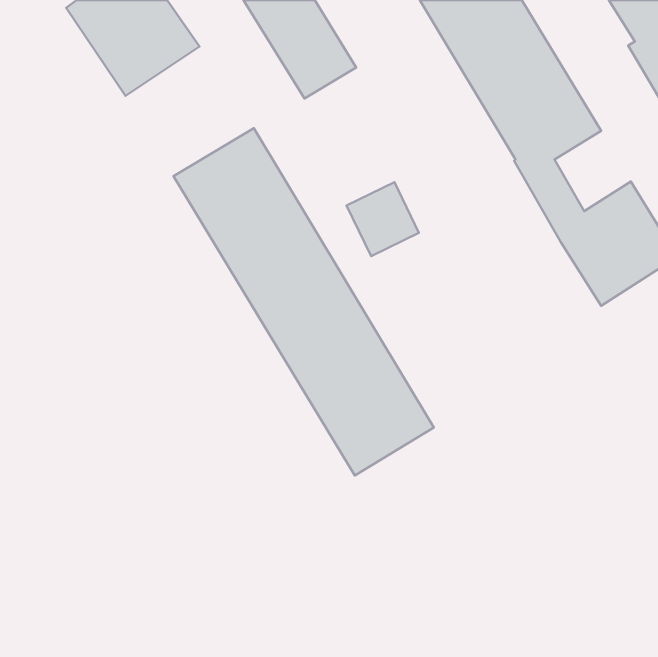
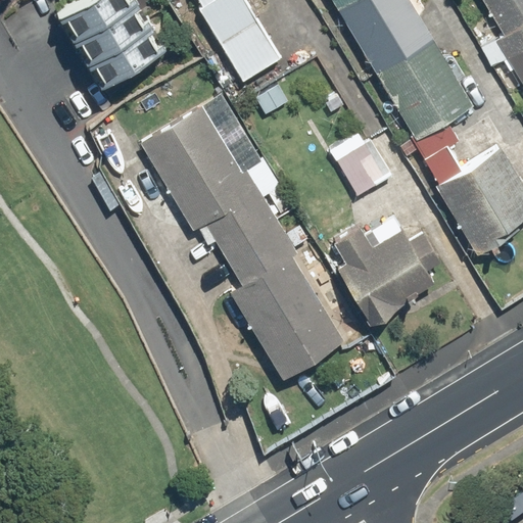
building: [346,182,419,256] -> [338,138,395,196]
building: none -> [336,228,440,323]

